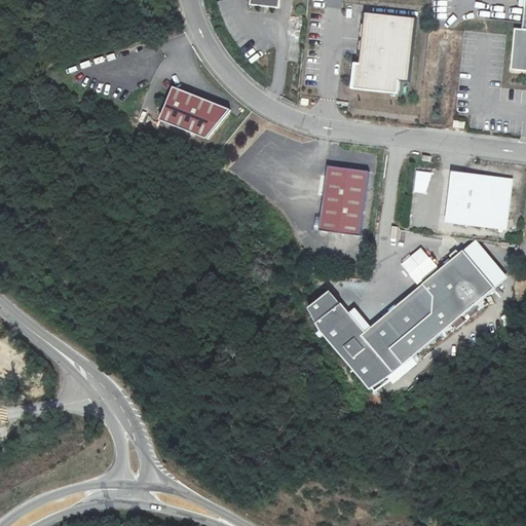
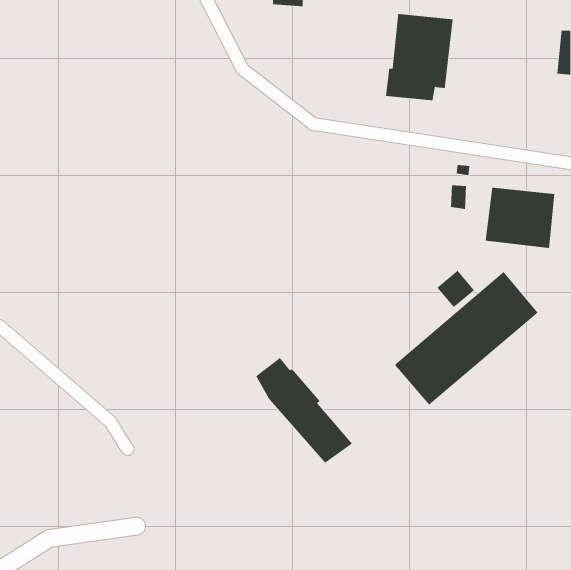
building: [159,86,229,137] -> none
building: [320,164,369,234] -> none
building: [462,239,506,287] -> none
building: [304,293,393,390] -> [255,357,353,464]

